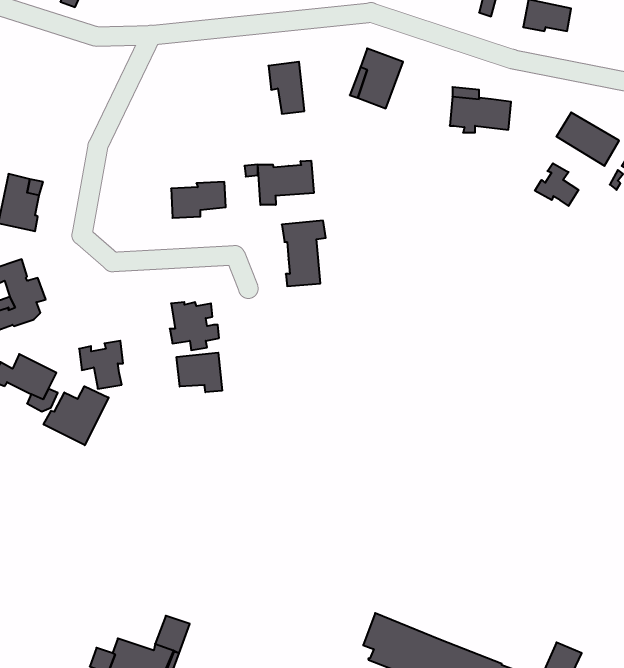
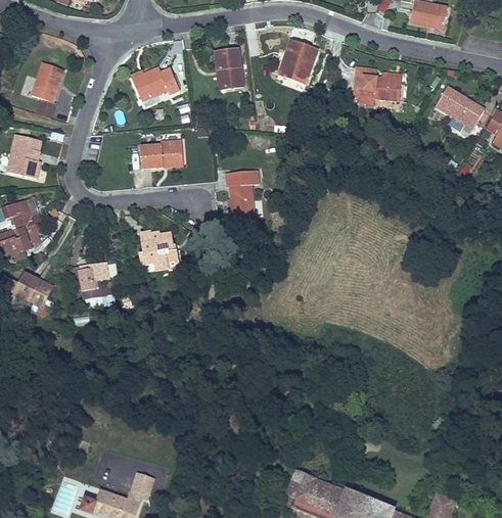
building: none -> [31,62,63,116]
building: none -> [132,66,179,100]
building: [258,161,314,205] -> none
building: [535,163,578,206] -> none
building: [177,353,222,392] -> none
building: [44,386,109,445] -> none

